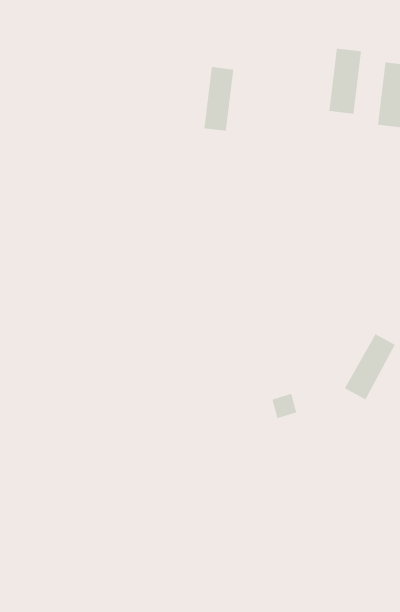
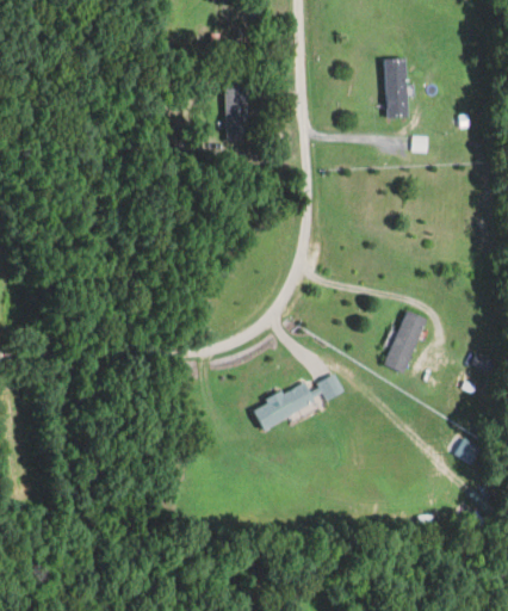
building: [328,48,362,115] -> none
building: none -> [253,382,316,431]

